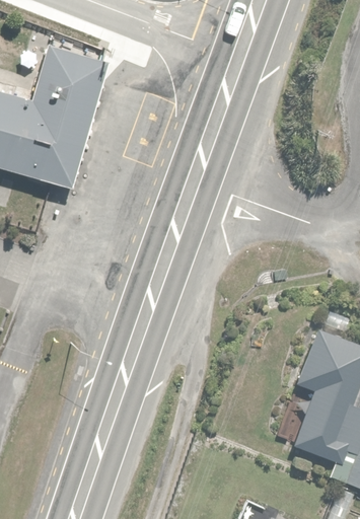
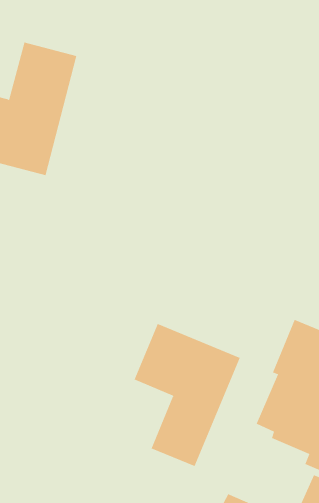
building: none -> [134,323,240,467]

